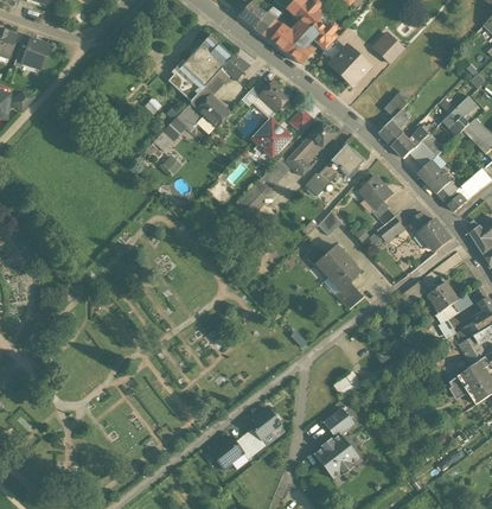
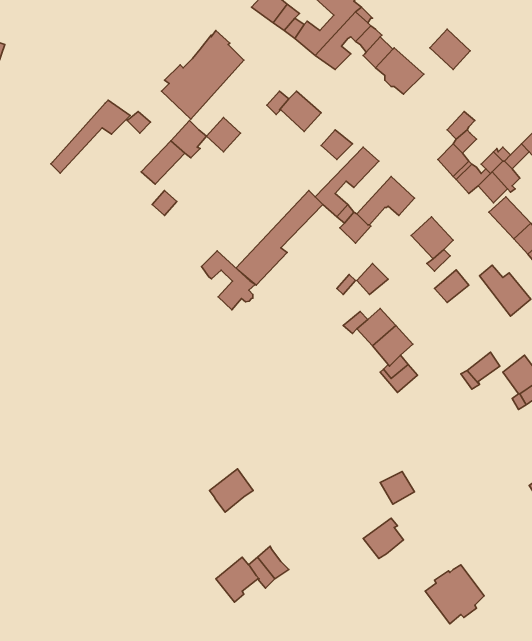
building: [190,55,250,110] -> [51,100,130,173]
building: [248,115,292,159] -> none
building: none -> [201,251,255,310]
building: [248,407,281,440] -> [210,469,253,512]
building: [313,434,358,479] -> [425,565,484,624]

